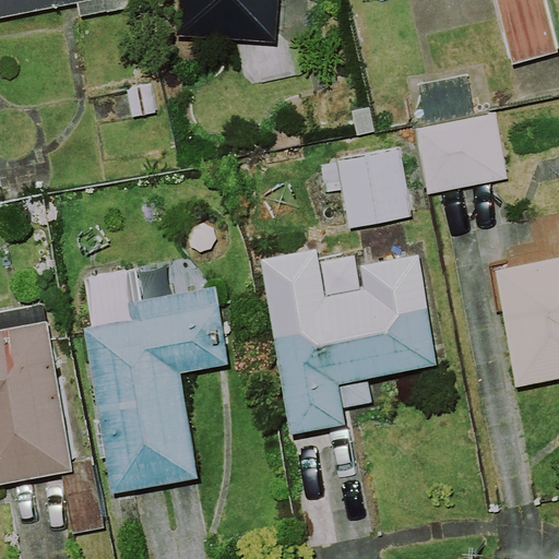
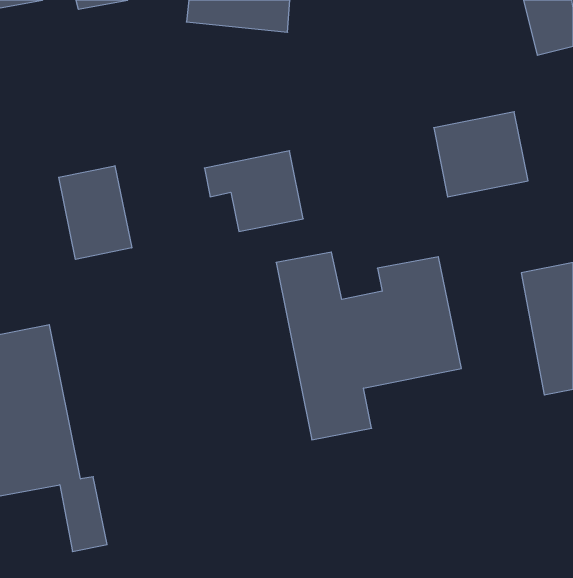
building: [311,153,405,229] -> [204,151,303,231]
building: none -> [59,166,132,259]
building: [78,271,231,490] -> none

